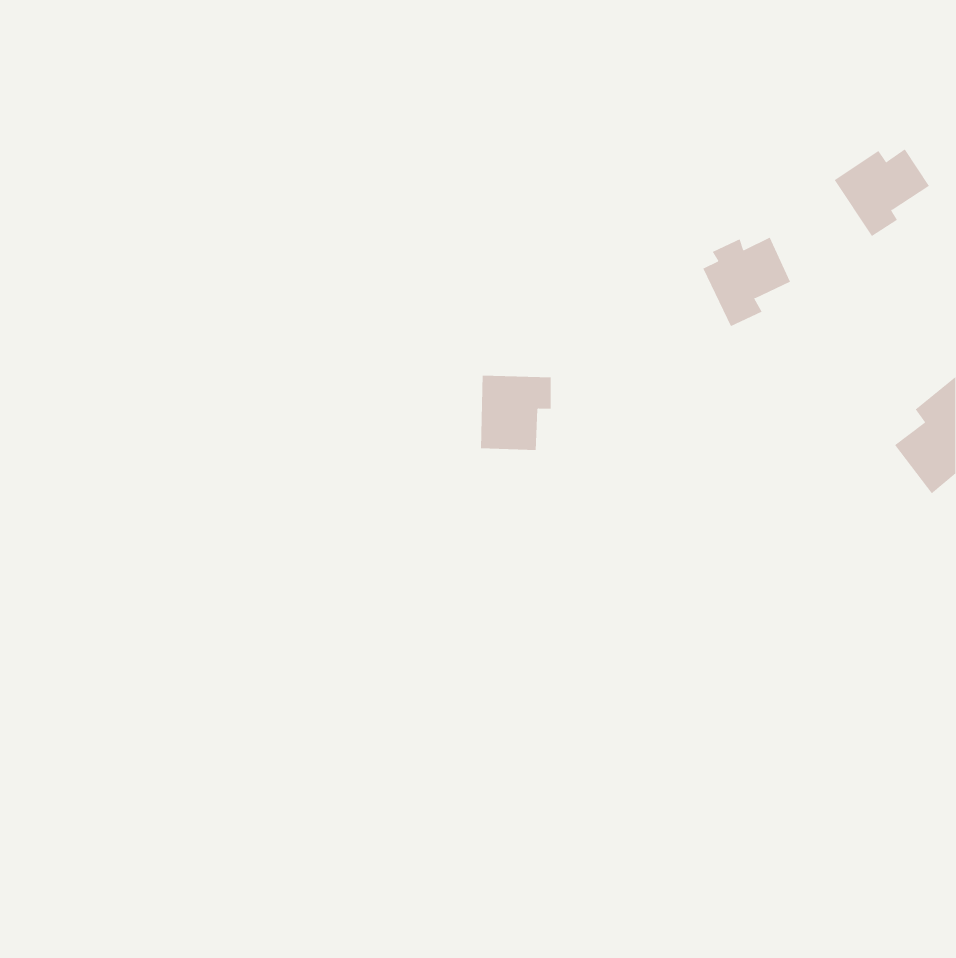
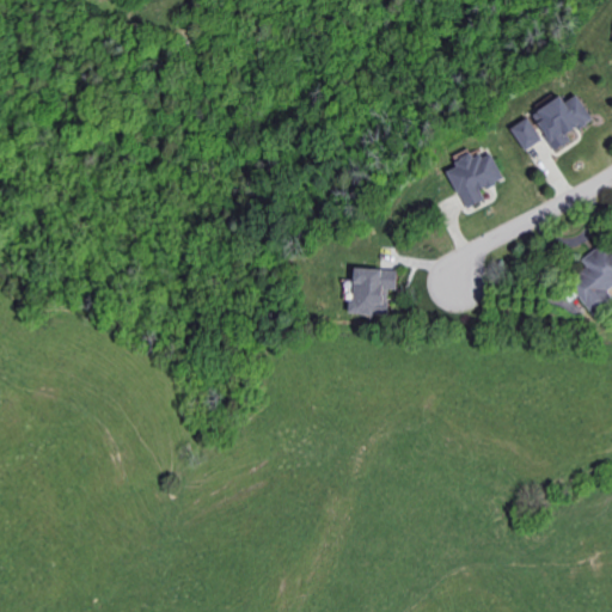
building: none -> [510,117,541,151]
building: [480,375,551,450] -> [350,268,396,316]

